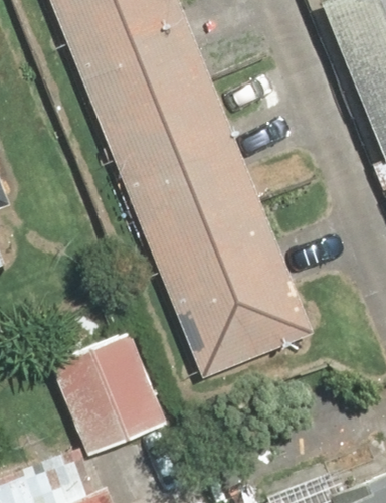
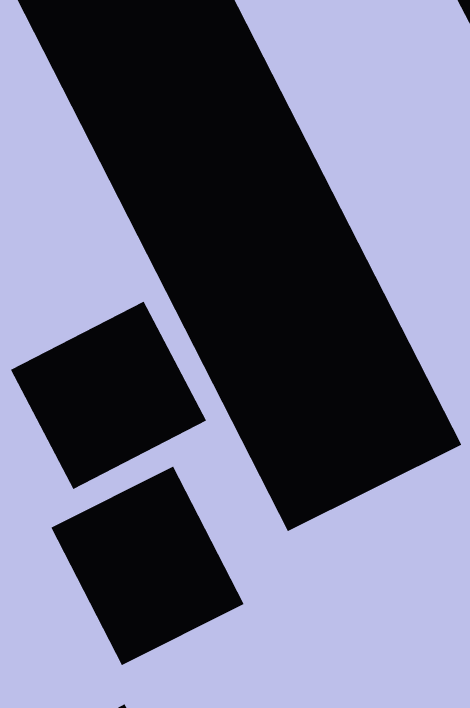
building: none -> [10,301,207,490]

